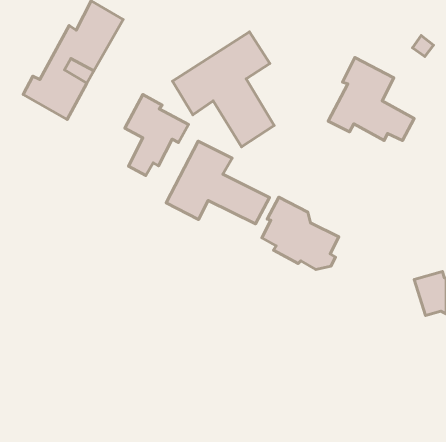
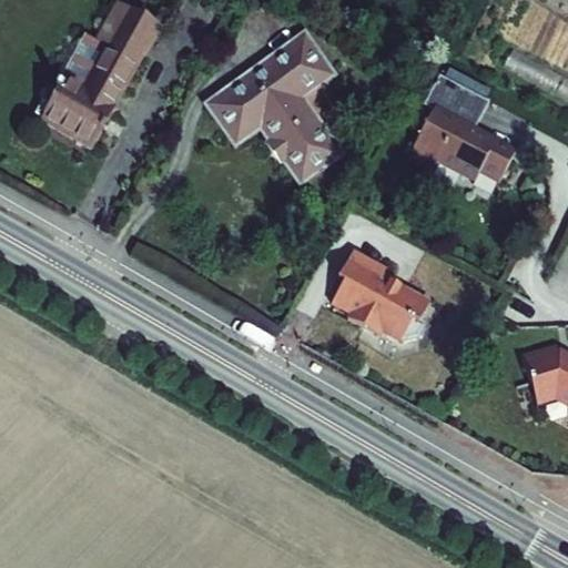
building: [125,94,189,175] -> none
building: [166,141,269,224] -> none

